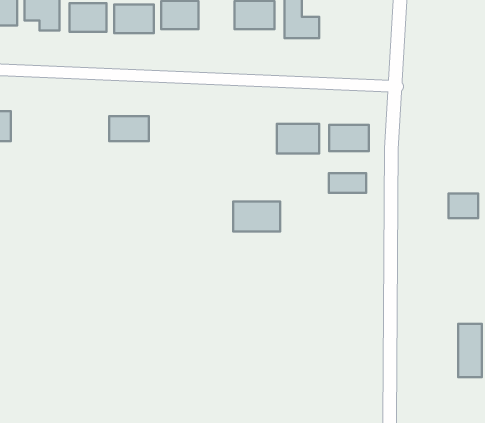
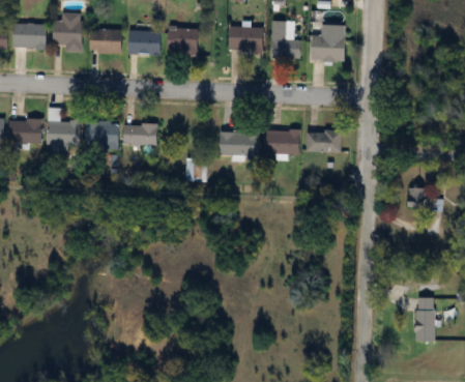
building: none -> [312,35,345,60]
building: none -> [48,119,119,155]
building: none -> [185,158,204,181]
building: [329,173,366,193] -> none
building: [233,202,280,231] -> [219,130,258,155]

